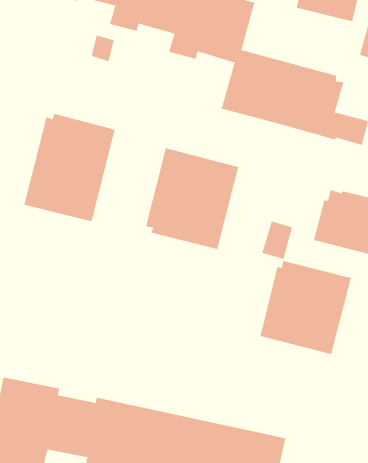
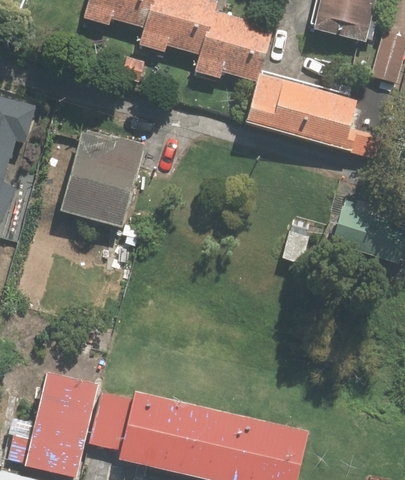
building: [145,147,239,250] -> none
building: [260,260,351,355] -> none

